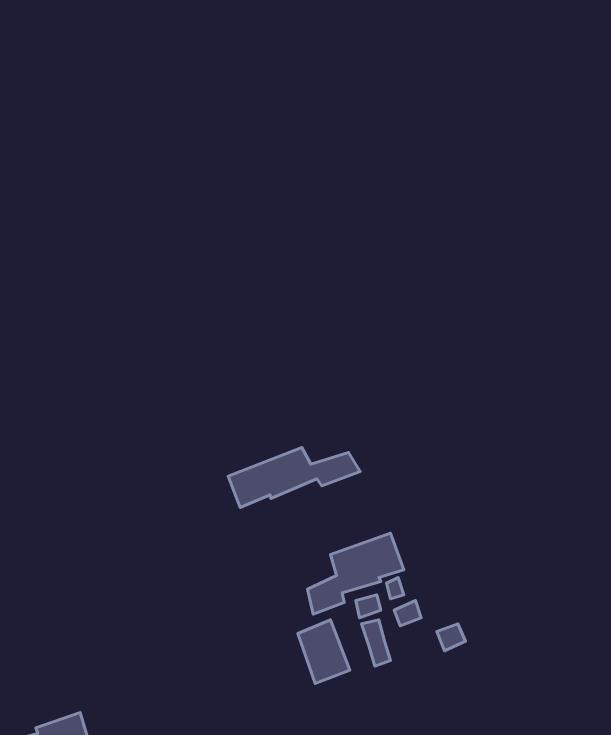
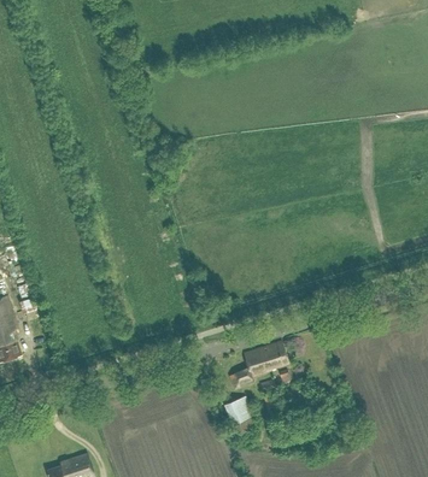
building: [228,448,360,508] -> none

